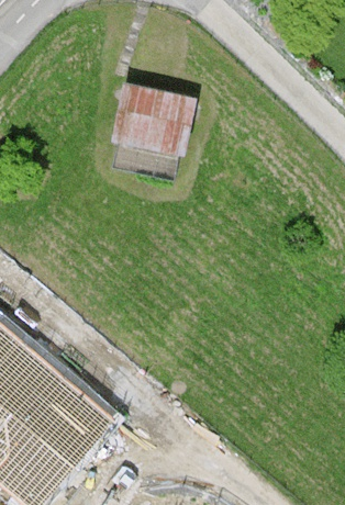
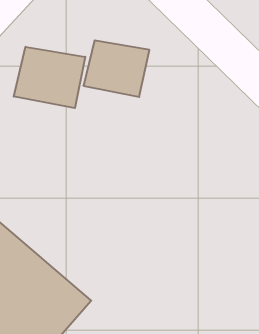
building: none -> [14,47,85,108]

